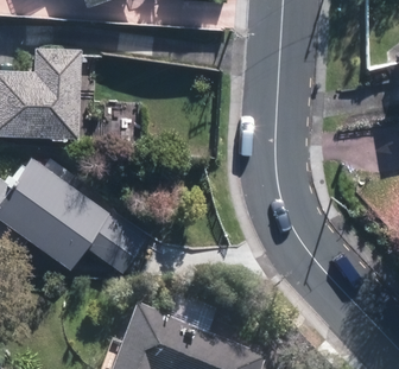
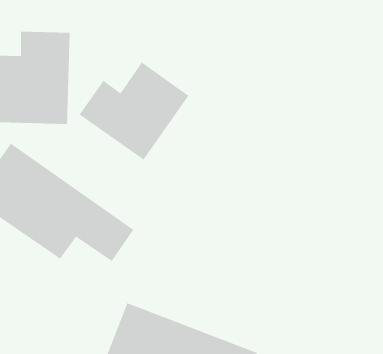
building: none -> [79,62,189,161]

